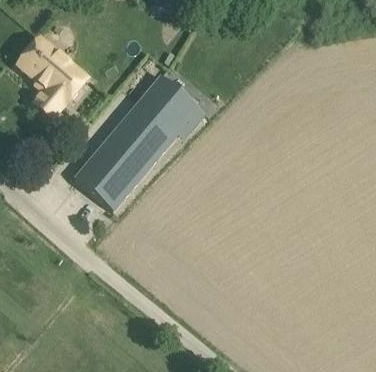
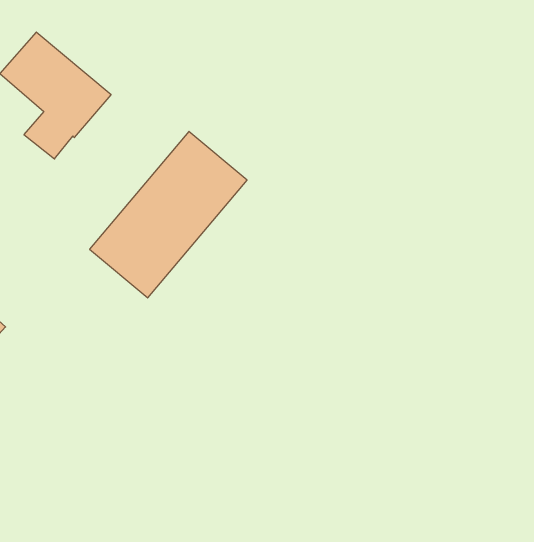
building: [140,74,205,132] -> none

